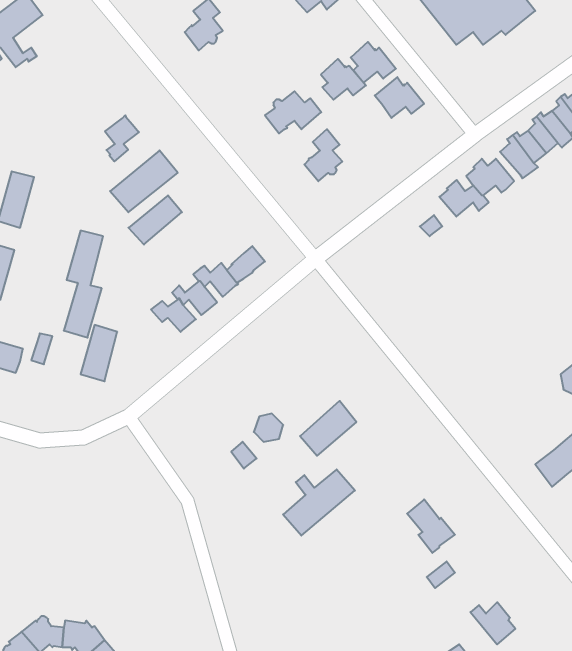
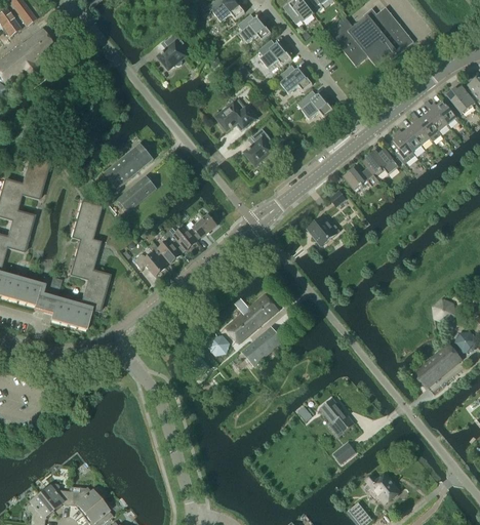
building: [321,59,366,100] -> [258,38,291,68]
building: [105,115,139,161] -> none
building: none -> [307,214,339,245]
building: none -> [34,296,91,328]
building: [283,469,355,536] -> [226,293,278,341]

